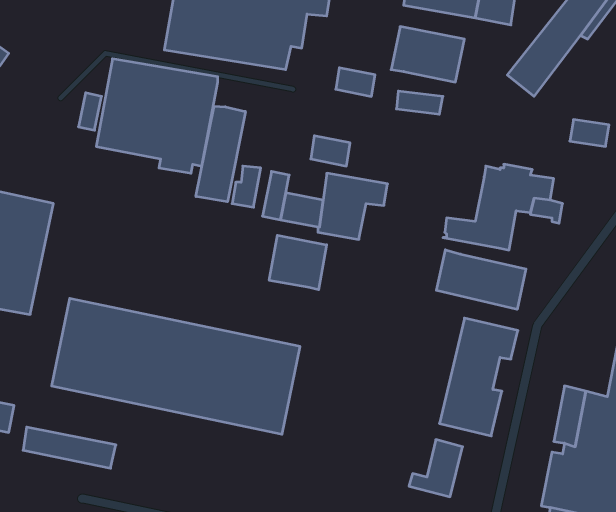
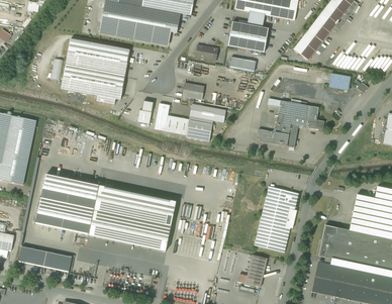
building: [196,106,245,202] -> none
building: [269,235,327,290] -> none
building: [436,250,526,309] -> none

